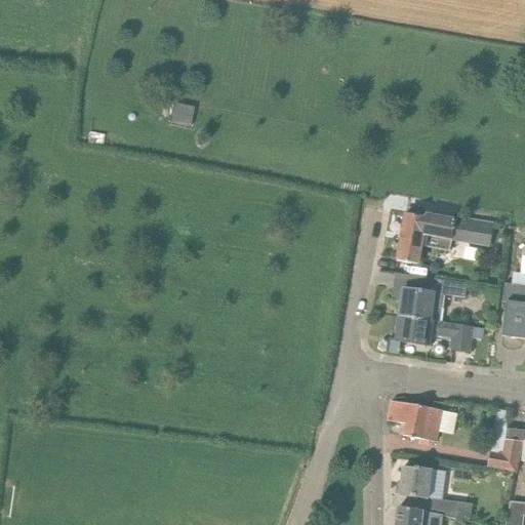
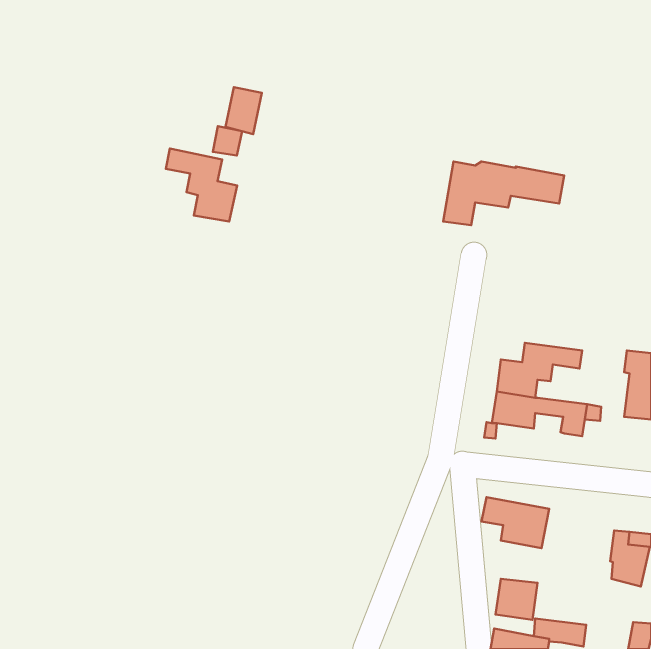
building: none -> [225,87,262,134]
building: none -> [166,149,237,221]
building: [397,212,494,264] -> [443,162,564,225]

